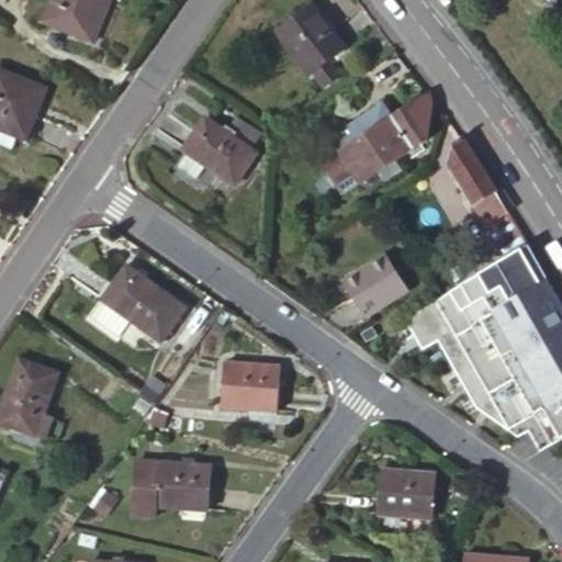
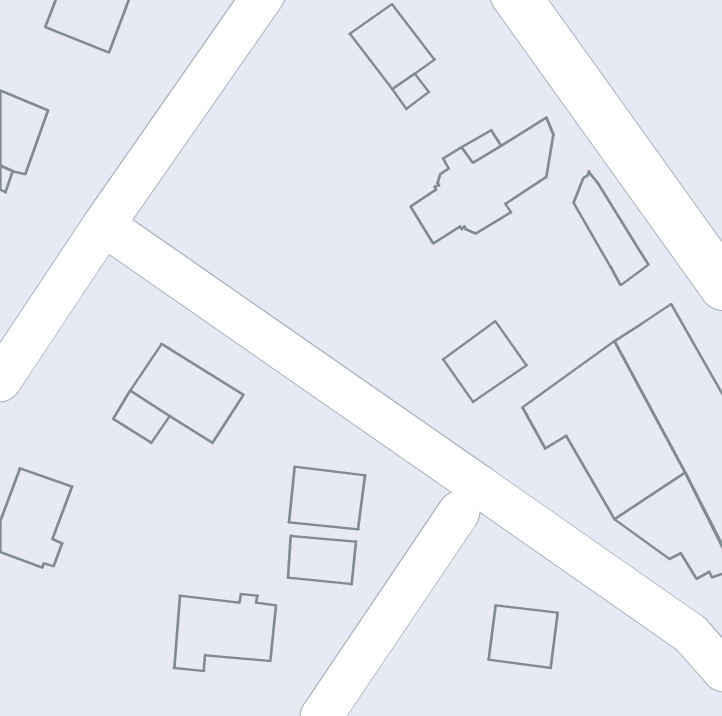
building: [179,121,254,183] -> none
building: [483,205,521,251] -> none
building: none -> [288,536,356,584]

